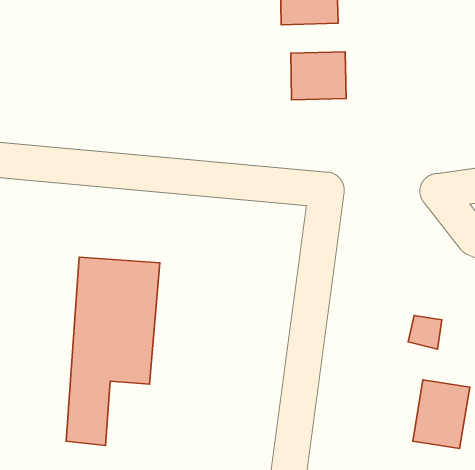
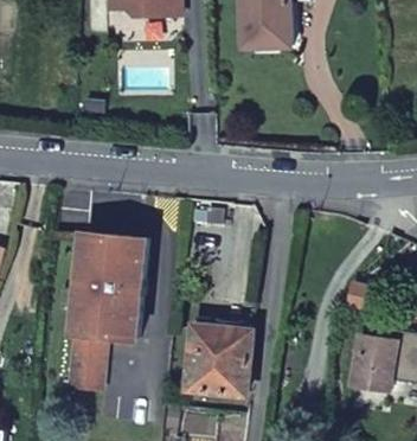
building: [291,52,346,100] -> none
building: none -> [186,326,251,392]

